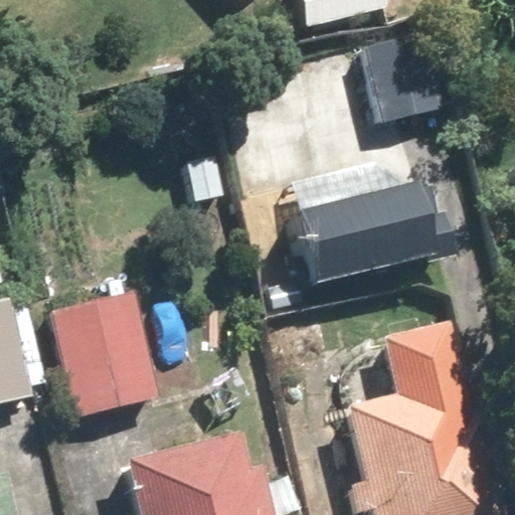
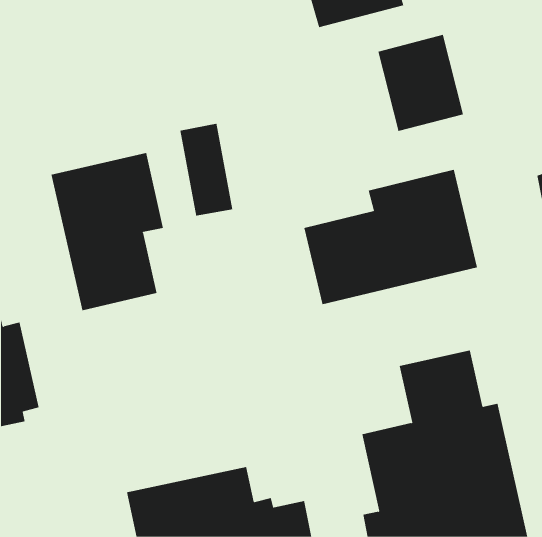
building: none -> [51,152,163,311]
building: [44,294,152,418] -> none

